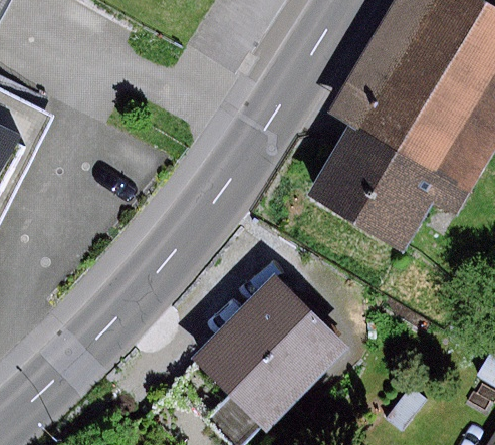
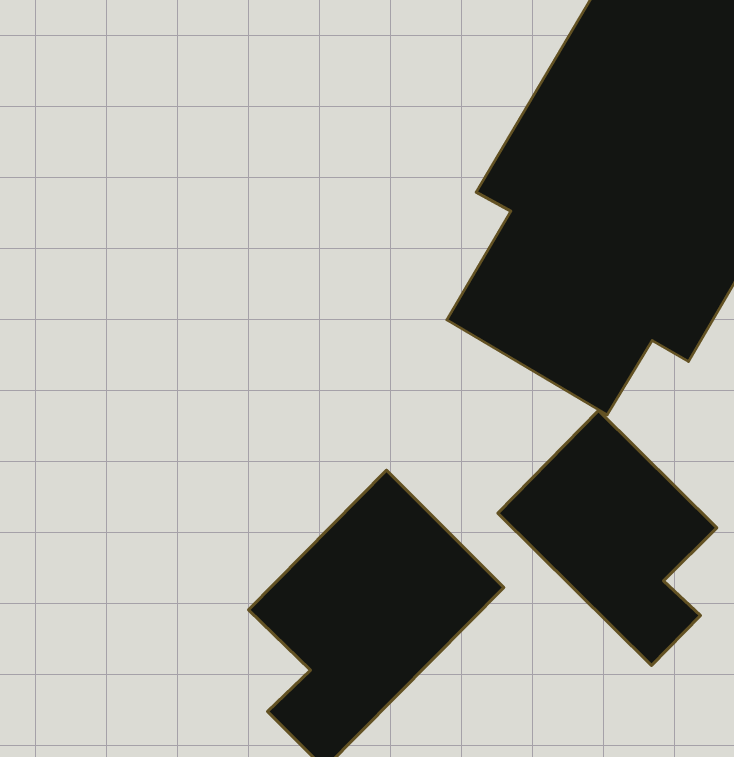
building: none -> [498,410,717,665]

